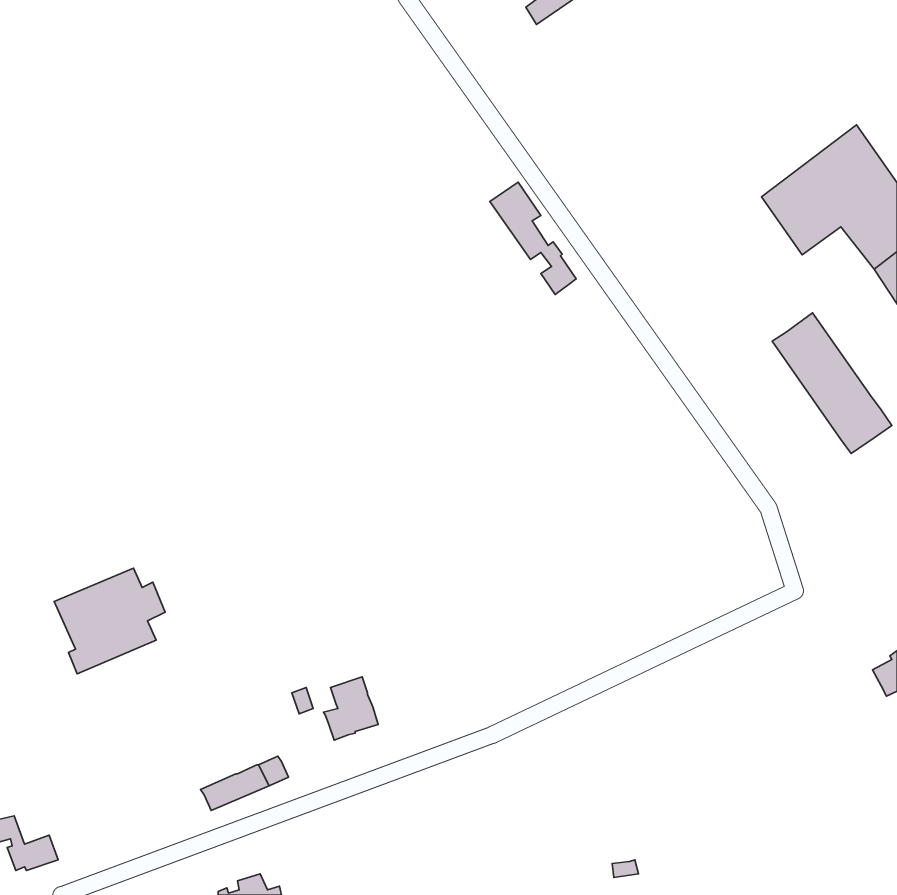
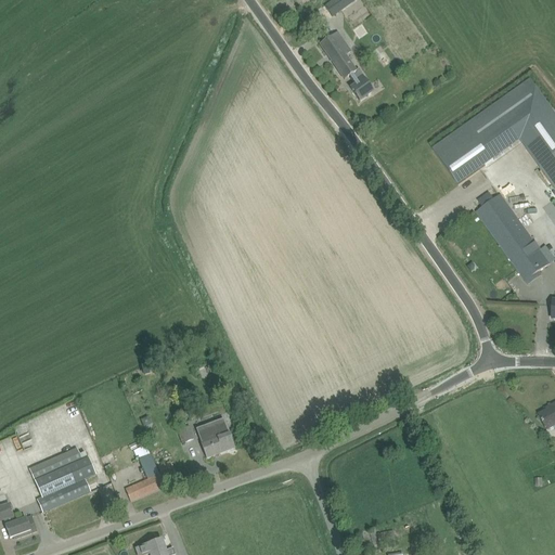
building: [490,182,576,295] -> [319,30,372,100]
building: none -> [433,121,494,183]
building: [54,568,165,674] -> [27,447,95,512]

